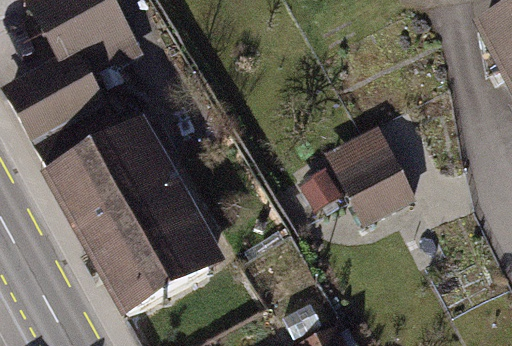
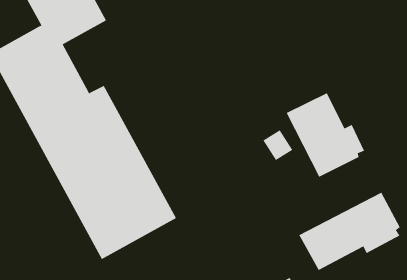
building: none -> [299,192,401,271]

